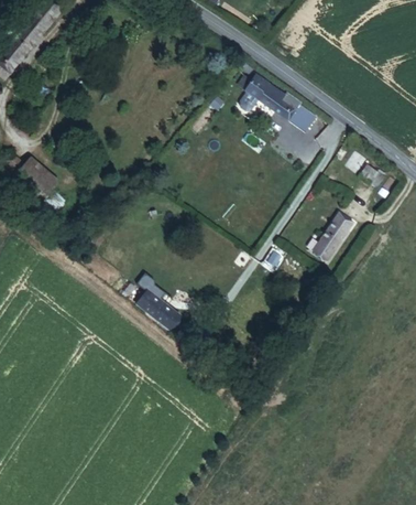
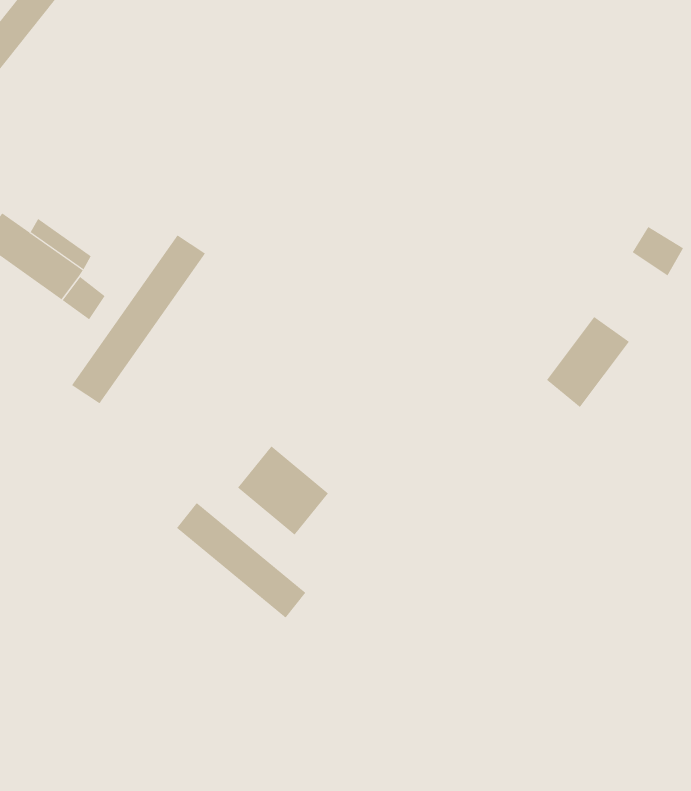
building: [247,76,315,131] -> none
building: none -> [71,234,206,404]
building: none -> [176,502,306,619]

